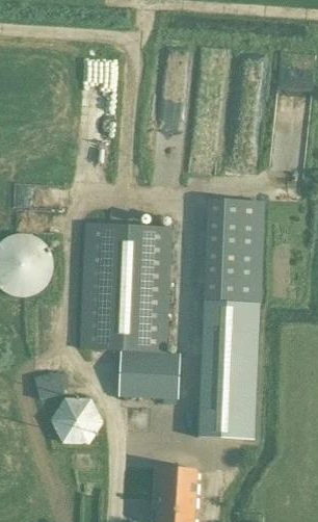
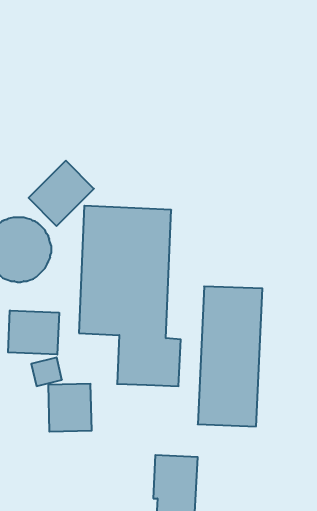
building: none -> [29,161,94,226]
building: [204,198,265,303] -> none
building: none -> [8,310,59,355]

